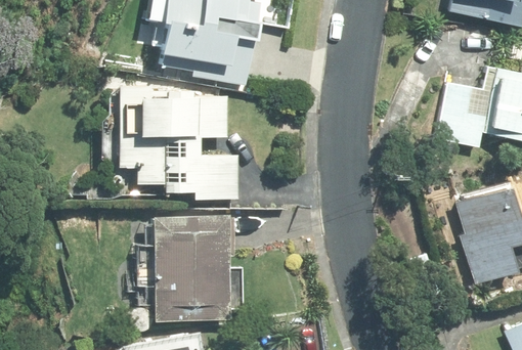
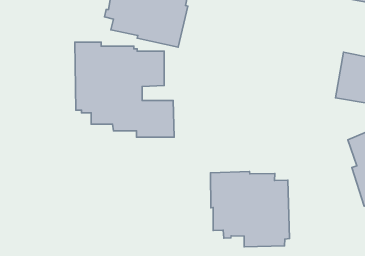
building: [151,210,247,319] -> none
building: none -> [211,172,289,247]

